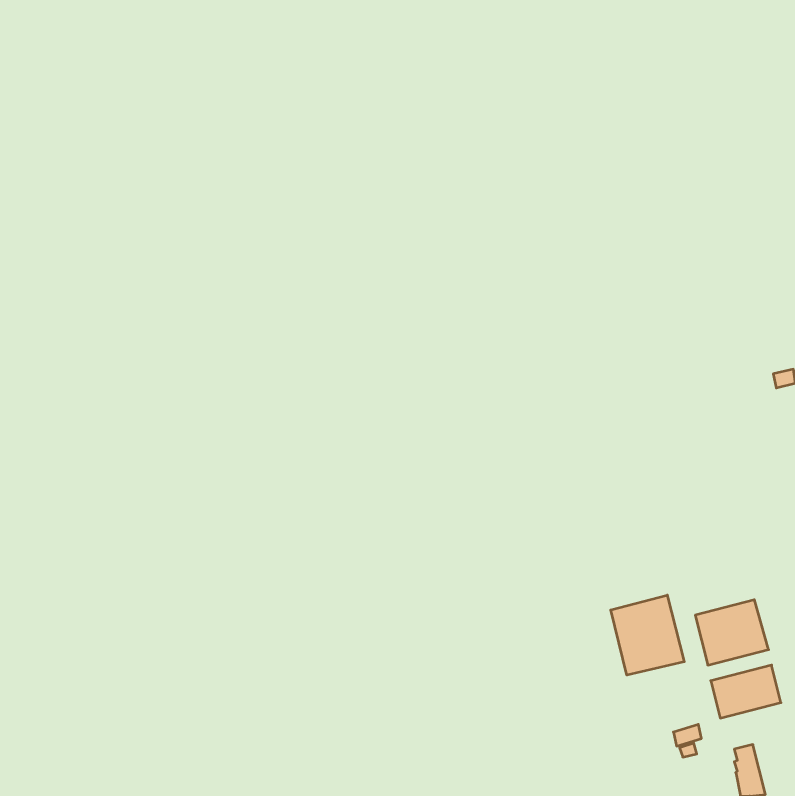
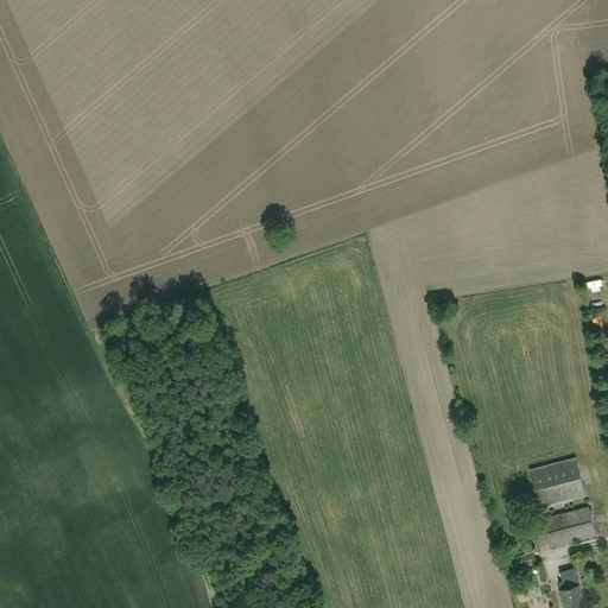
building: [611,595,684,675] -> none

